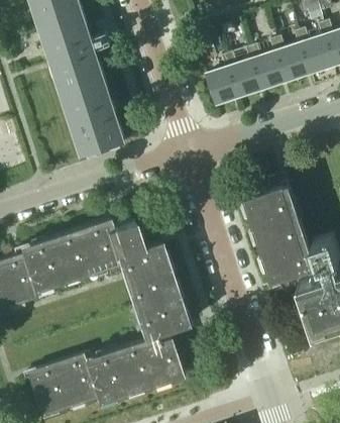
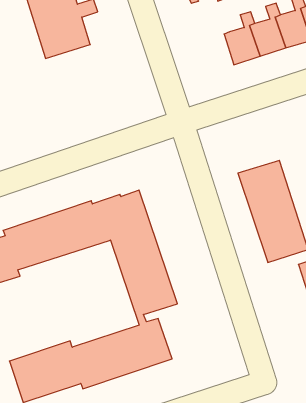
building: [205,55,238,105] -> none
building: [60,78,123,155] -> none

